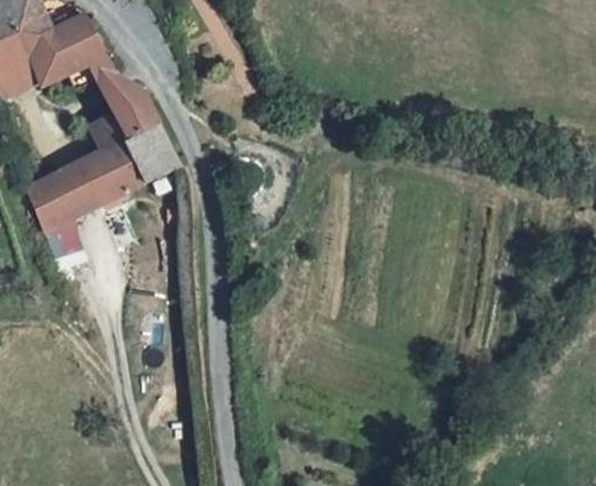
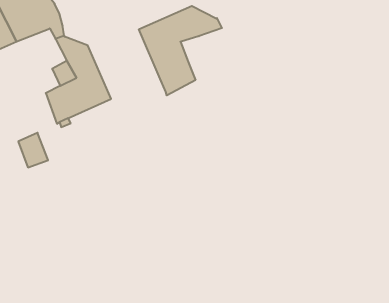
building: none -> [139,6,222,95]
building: [25,159,99,231] -> none

